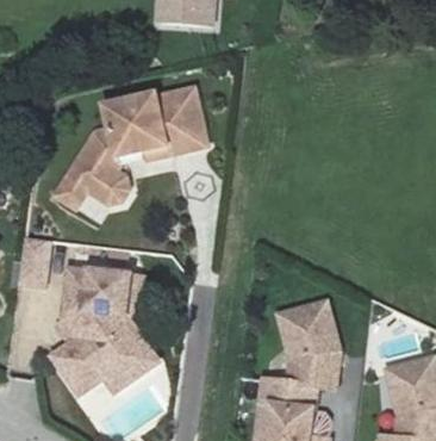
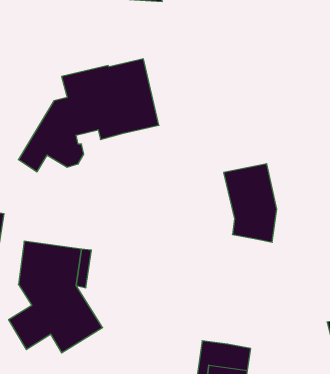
building: [275,309,332,393] -> [224,164,277,242]

